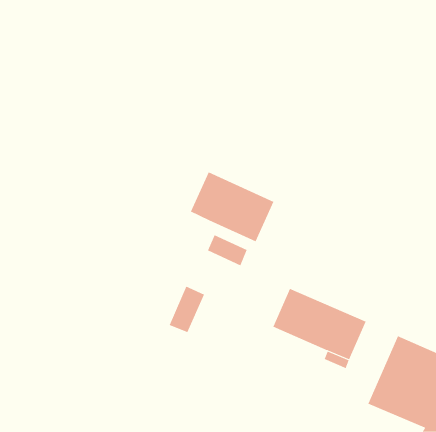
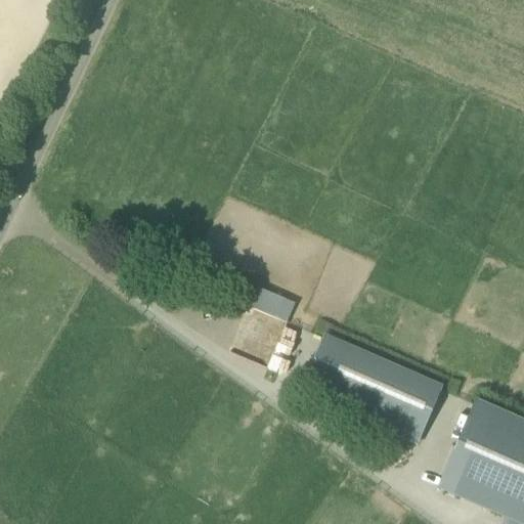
building: [190,171,274,242] -> none
building: [169,286,205,333] -> [305,335,348,391]

